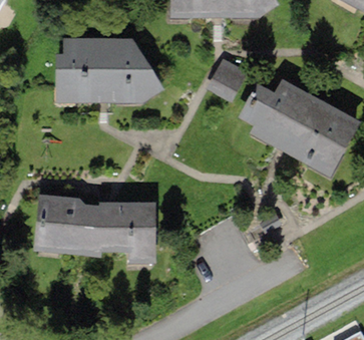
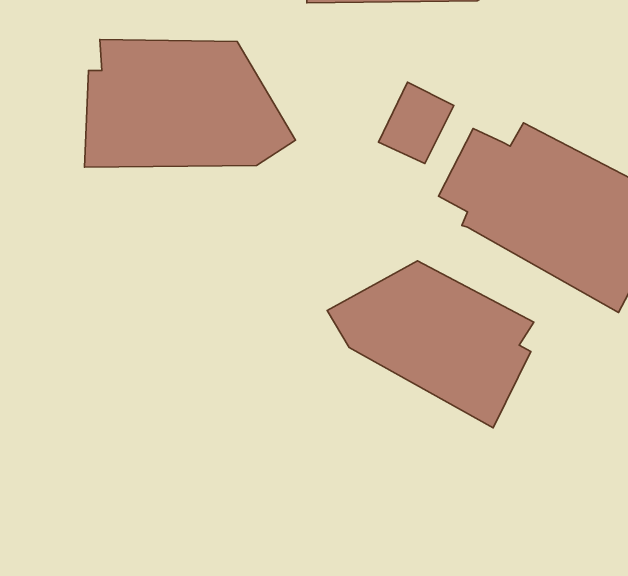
building: none -> [327,261,534,428]
building: [34,194,157,265] -> none

